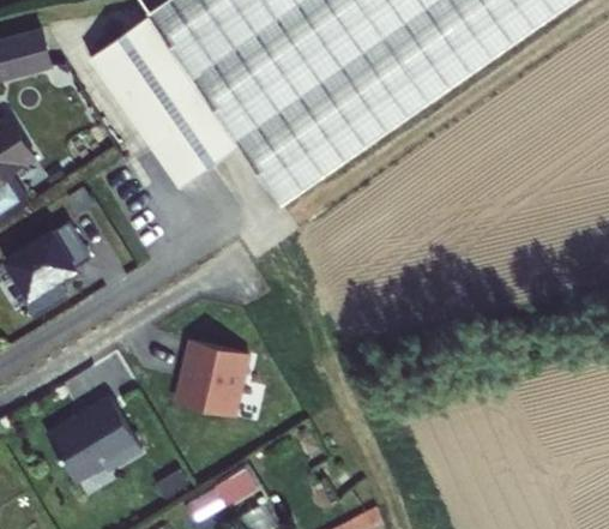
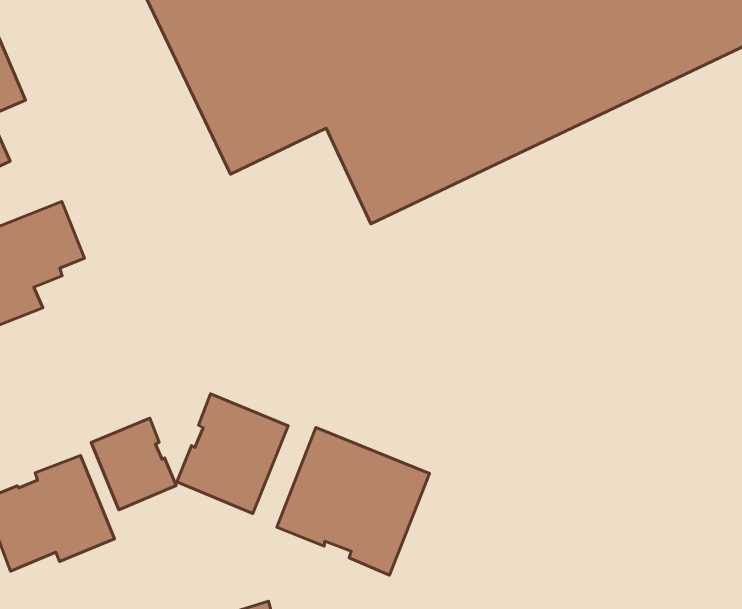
building: none -> [277,428,430,575]
building: none -> [91,418,176,510]

